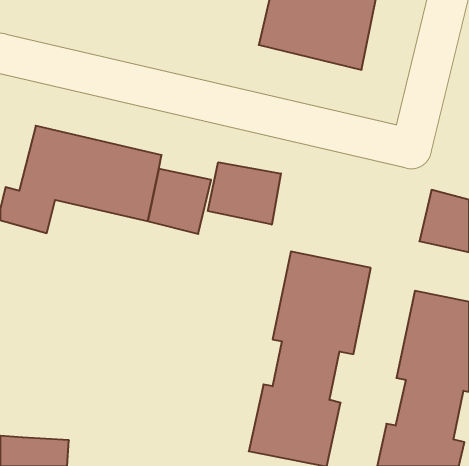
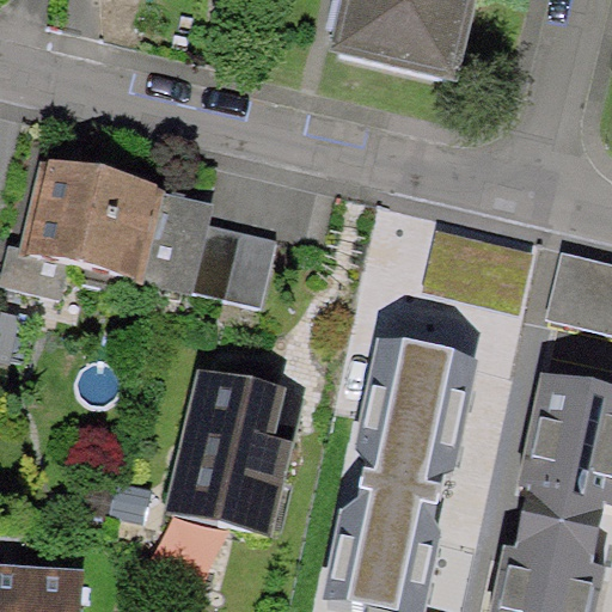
building: [208,162,281,225] -> none
building: none -> [169,369,305,537]

